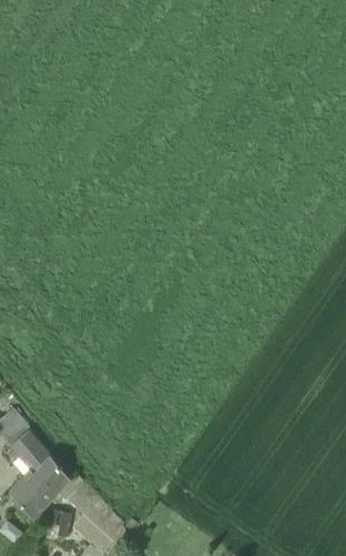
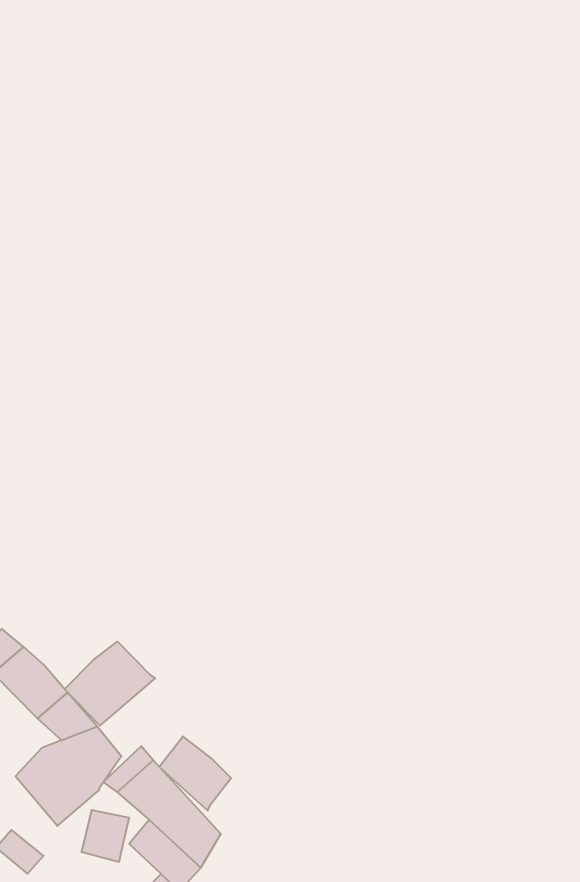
building: none -> [65,642,155,726]
building: none -> [159,736,231,811]

